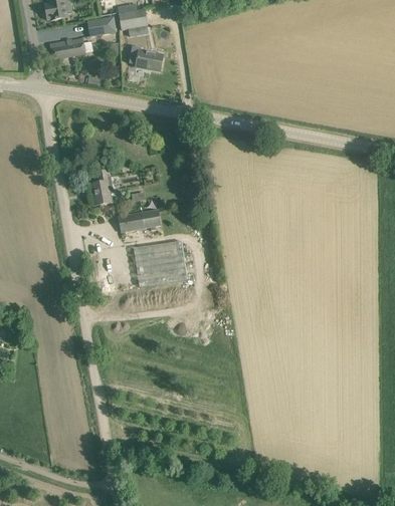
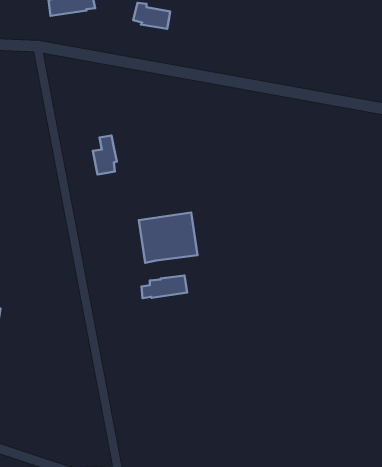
building: [118,209,161,232] -> none
building: none -> [141,276,187,298]

